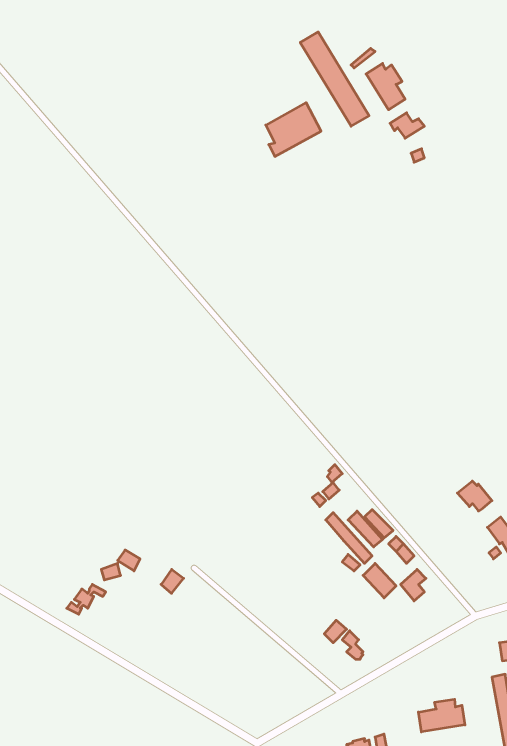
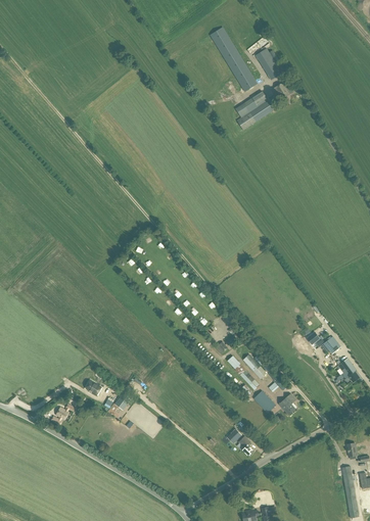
building: [266,103,321,156] -> [232,92,270,129]
building: [418,699,465,732] -> none

